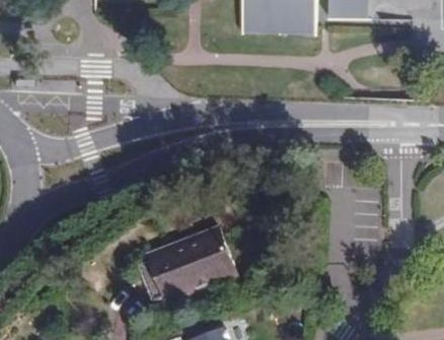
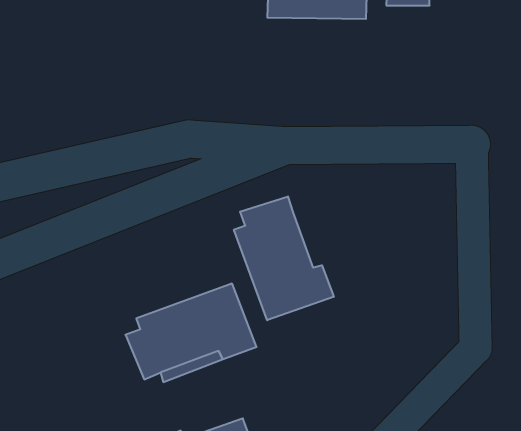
building: none -> [234,196,334,320]

